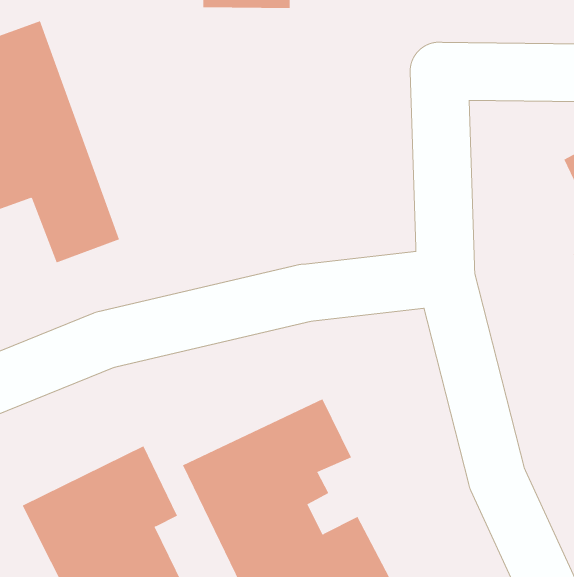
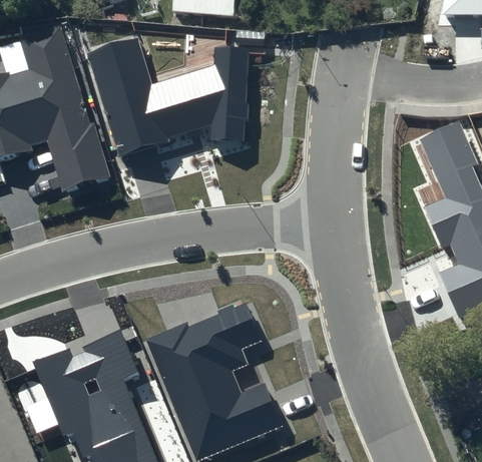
building: none -> [87,38,248,156]

